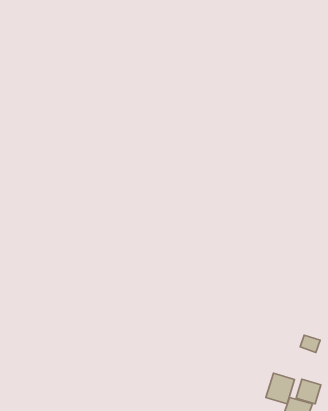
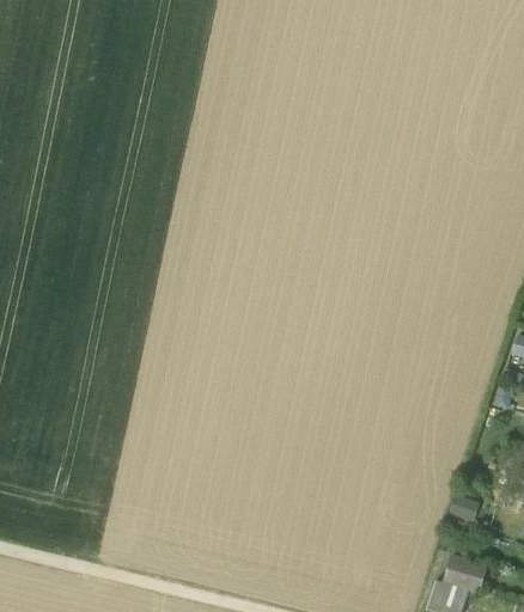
building: [266,373,295,404] -> none

